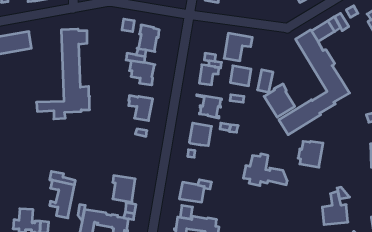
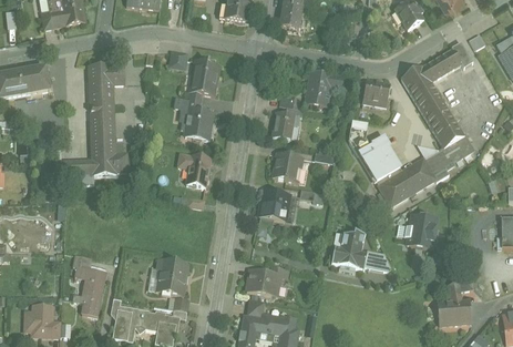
building: [230,66,251,86] -> [362,80,390,106]

